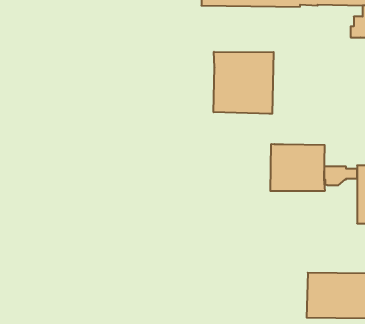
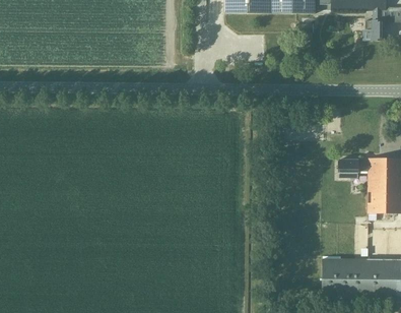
building: [214,52,274,114] -> none
building: [270,144,325,191] -> none

